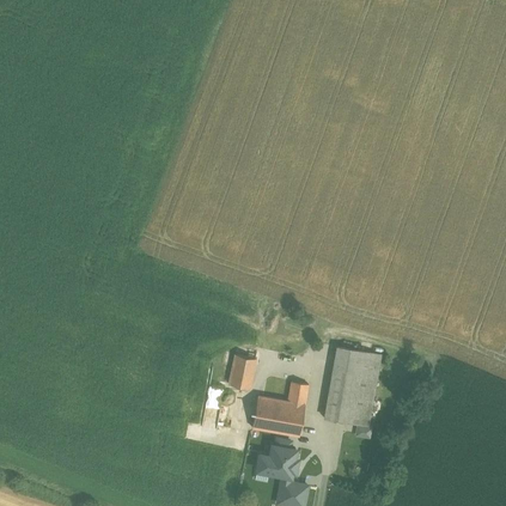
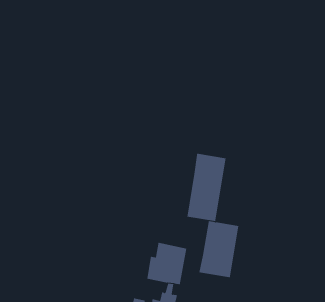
building: none -> [187,153,226,222]
building: [226,355,255,390] -> none

